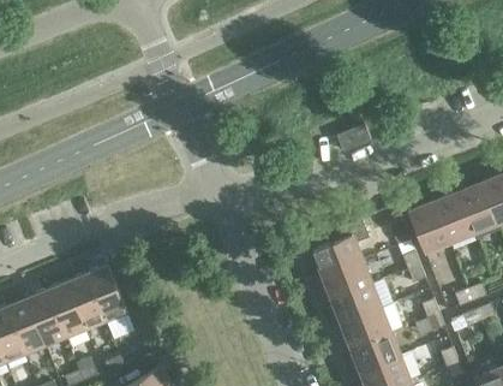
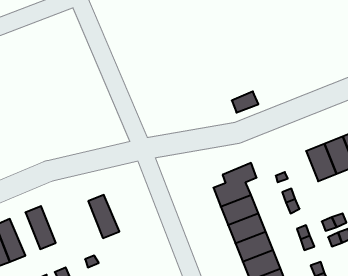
building: [408,202,449,251] -> none
building: [86,266,127,322] -> [88,195,119,238]
building: [46,283,85,339] -> none

